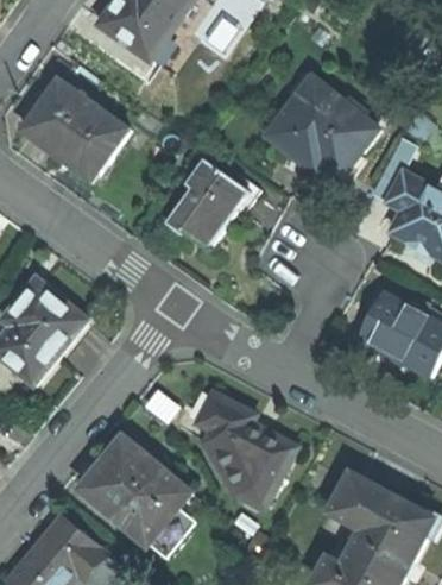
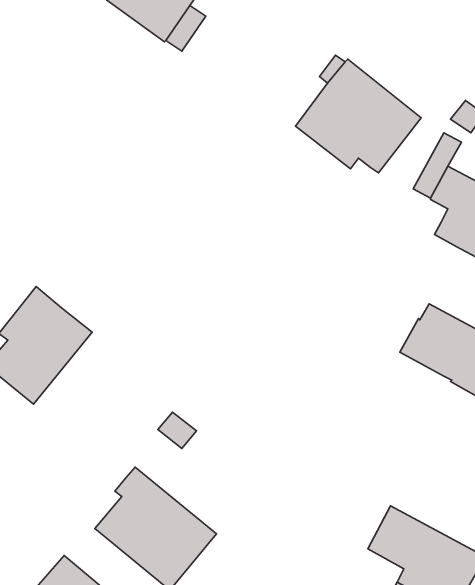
building: [23,80,125,172] -> none
building: [168,159,247,246] -> none
building: [196,392,293,507] -> none

